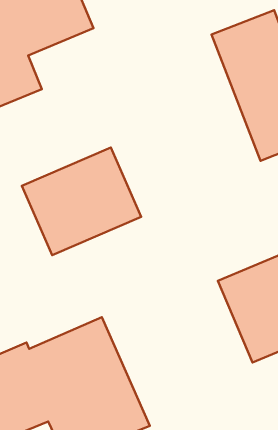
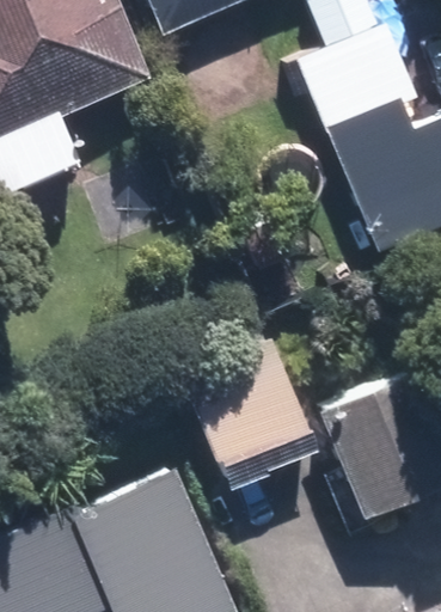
building: [22,147,141,255] -> none
building: none -> [188,351,321,488]

